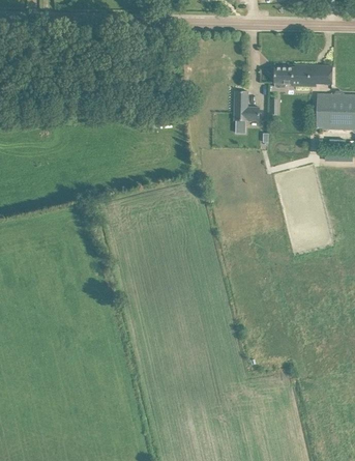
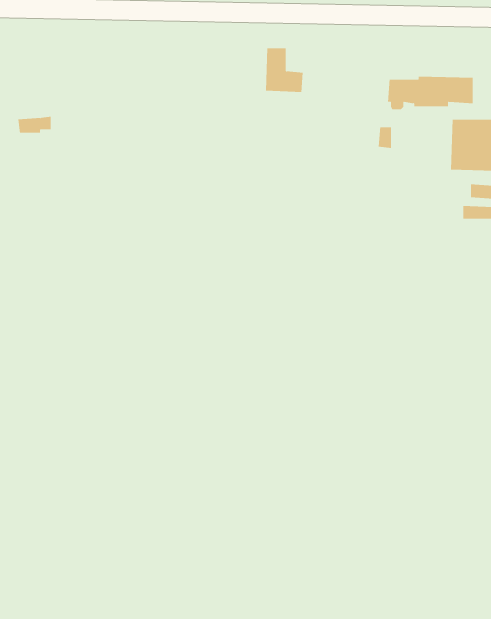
building: [234,91,260,121] -> [265,48,304,92]

